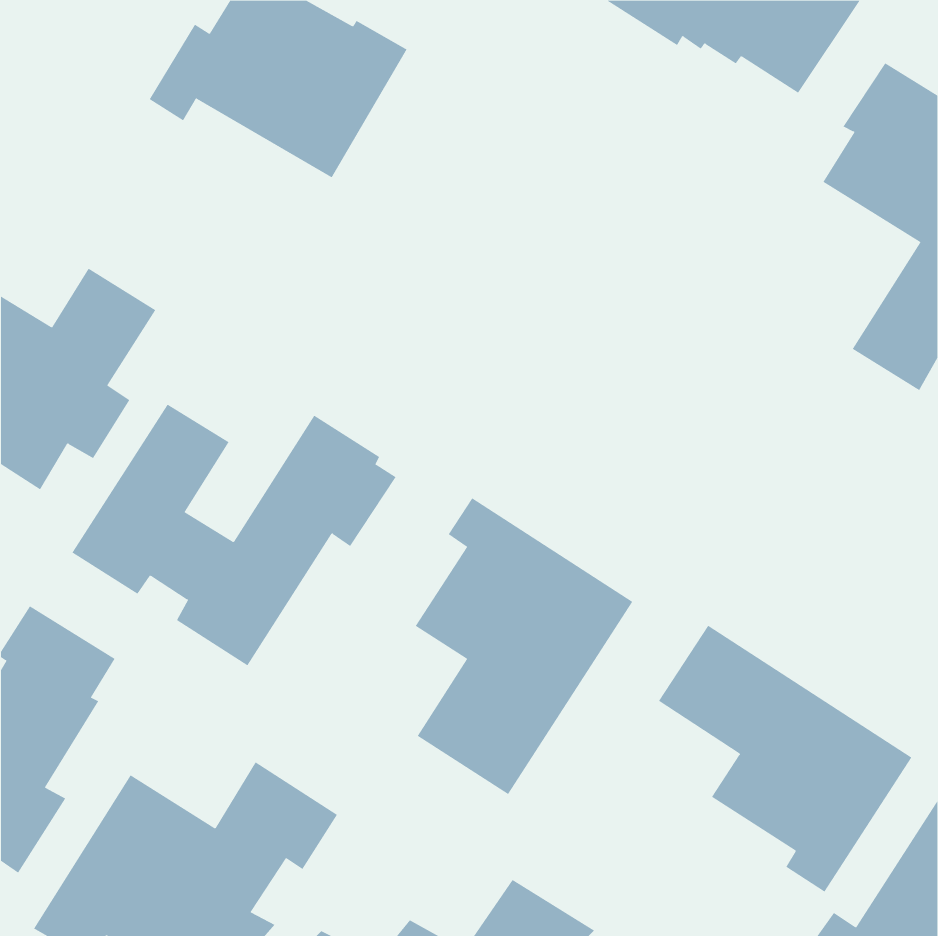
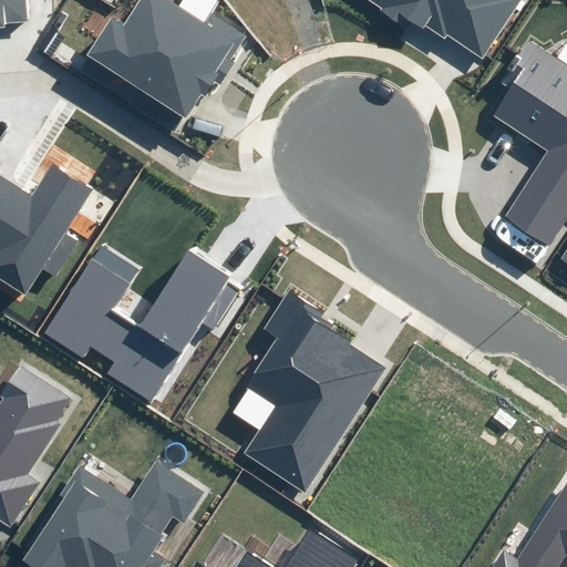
building: [658,625,912,892] -> none

